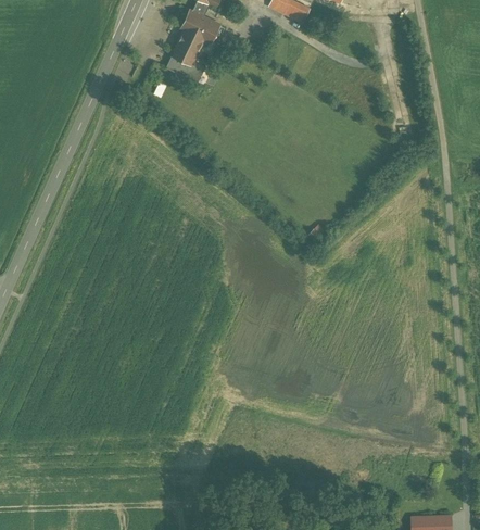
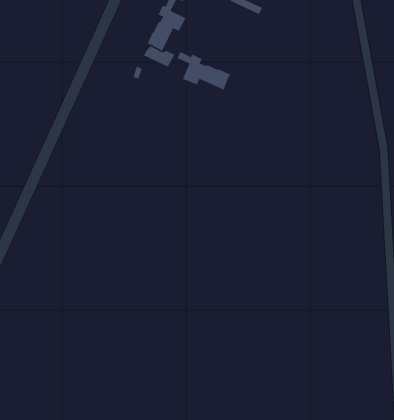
building: none -> [176,51,231,90]

